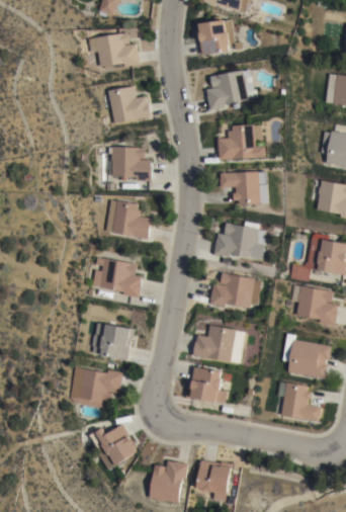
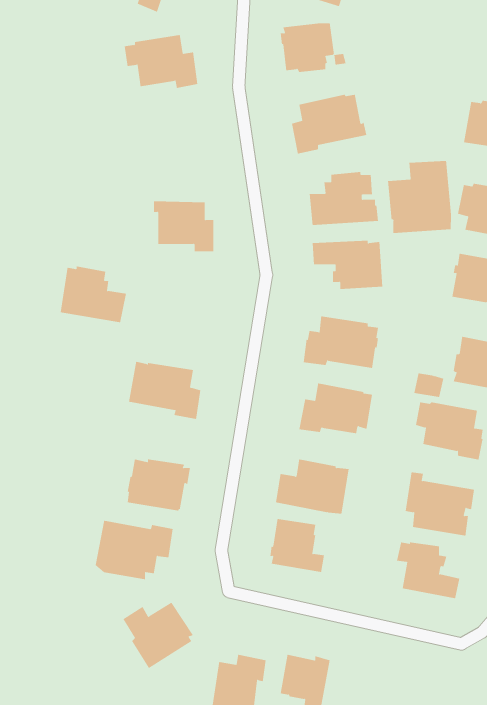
building: [107,84,151,121] -> none
building: none -> [388,160,452,234]
building: [105,198,152,238] -> [60,266,127,323]

